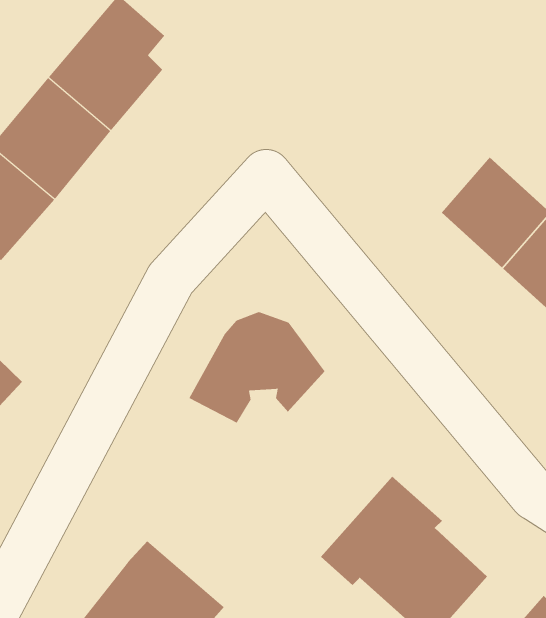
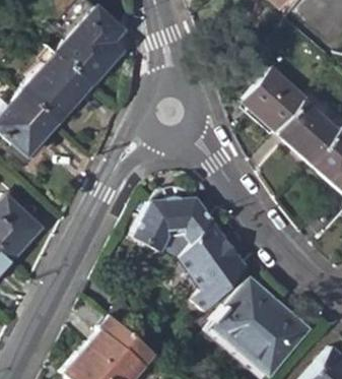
building: none -> [243,66,307,131]
building: none -> [180,220,247,311]

